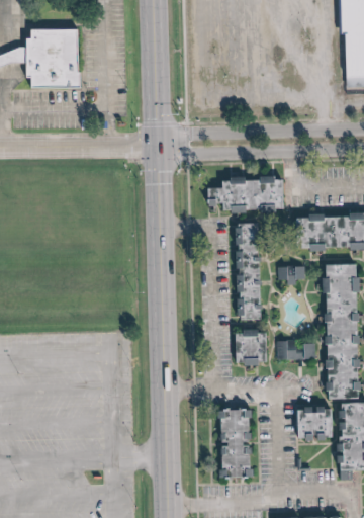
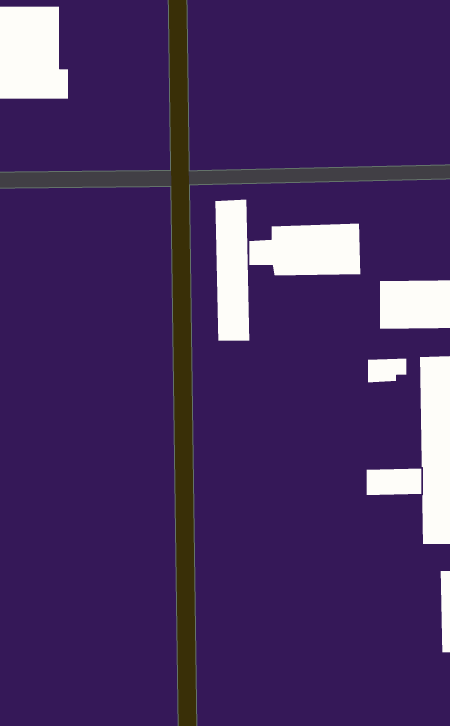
building: [235,224,259,321] -> [214,199,250,341]
building: [234,334,264,365] -> none
building: [218,408,250,481] -> none
building: [292,411,333,438] -> none

